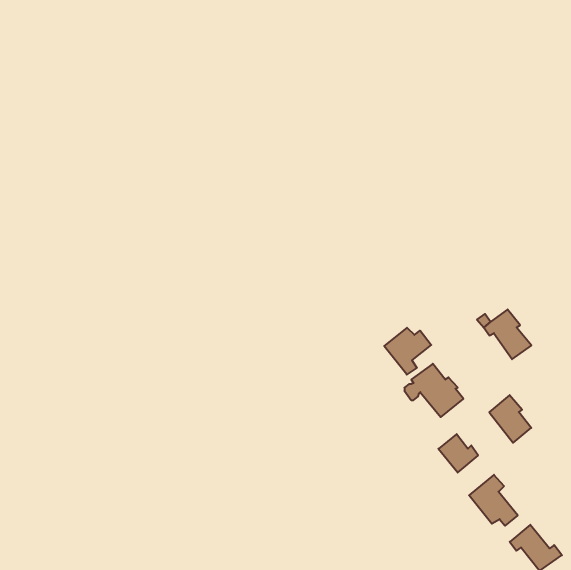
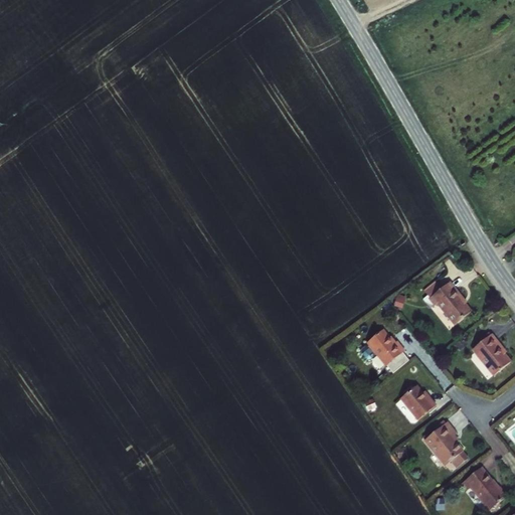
building: [384,328,431,375] -> none
building: [489,395,531,443] -> [472,336,509,378]

